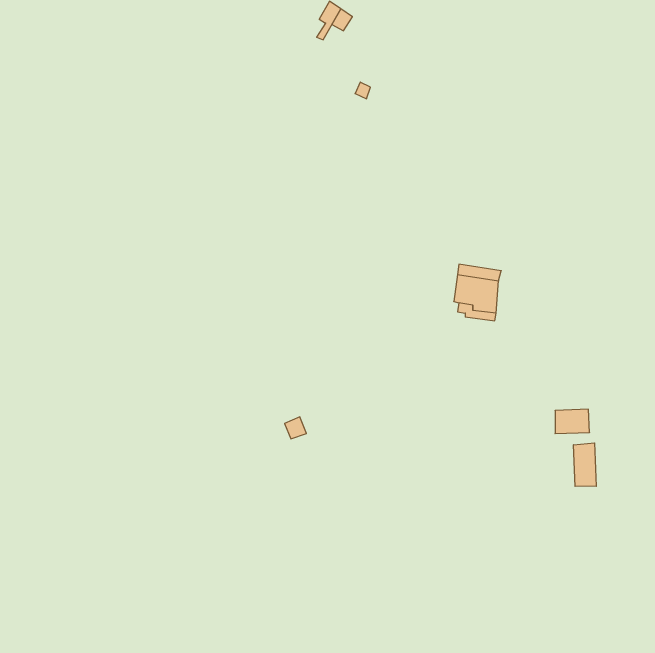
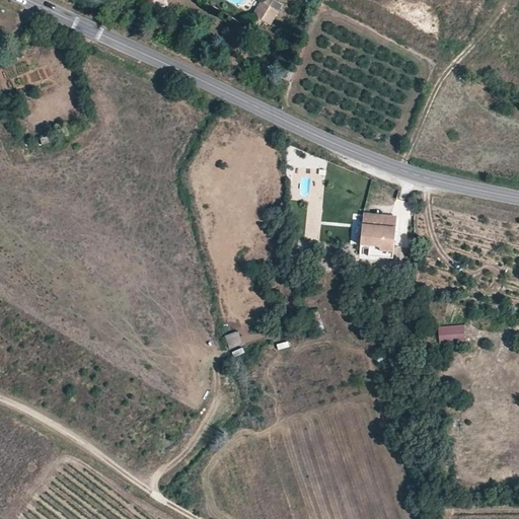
building: [574,443,596,486] -> none

